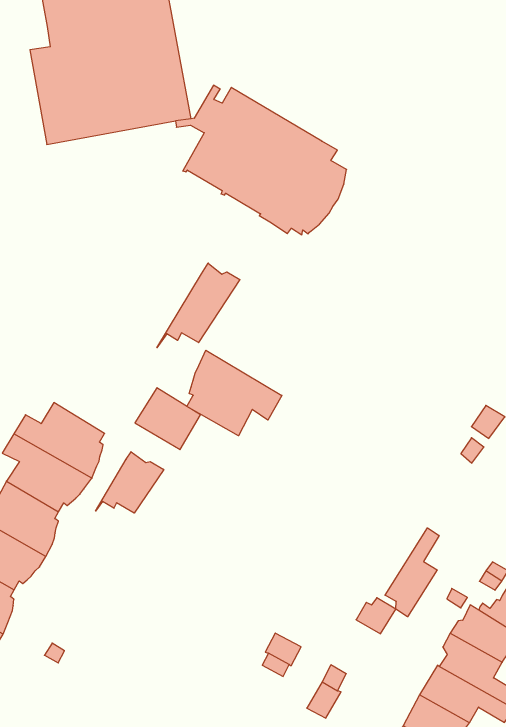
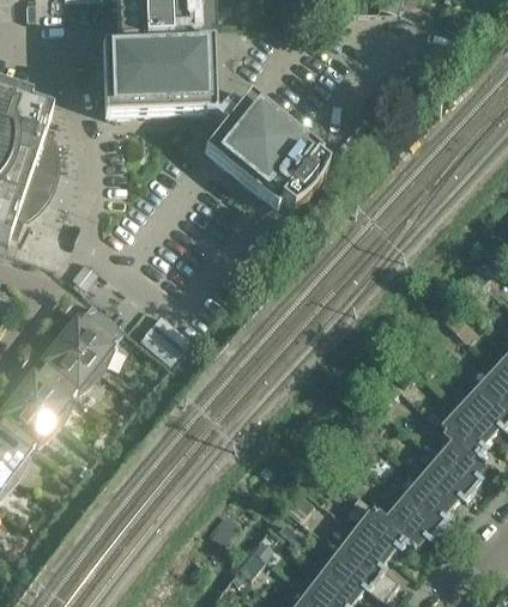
building: [157,263,240,348] -> none
building: [187,350,282,436] -> none
building: [96,452,164,513] -> none
building: [385,528,439,617] -> none

